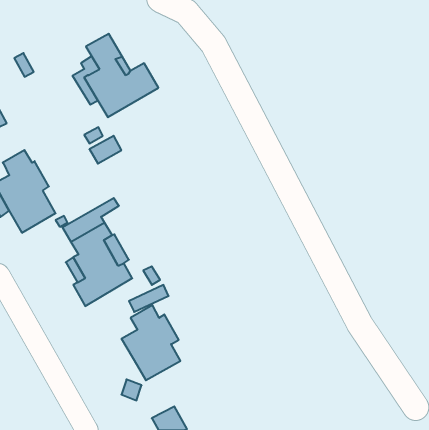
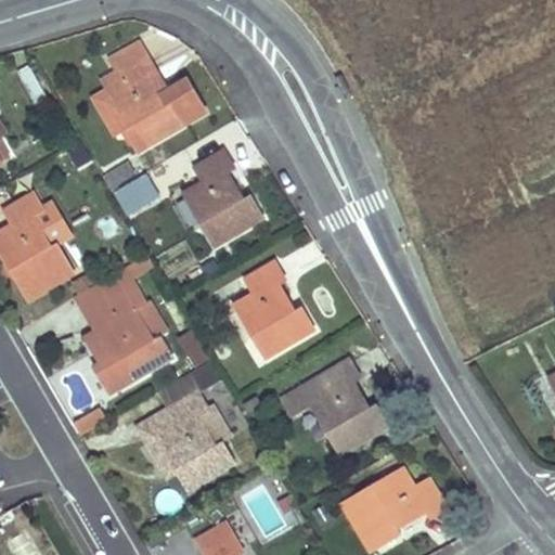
building: none -> [184,153,261,246]
building: none -> [236,262,312,358]
building: none -> [283,359,387,452]
building: none -> [343,467,446,548]

